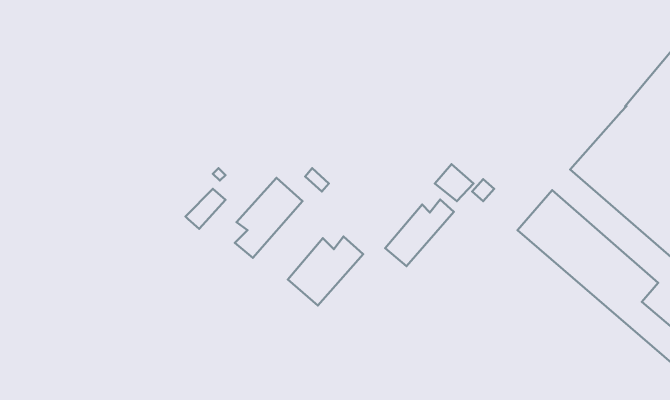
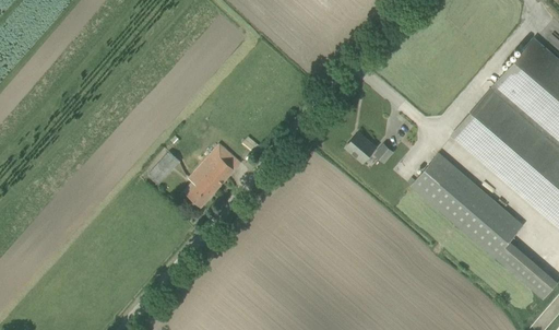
building: [385,199,454,266] -> none
building: [288,236,363,306] -> none

